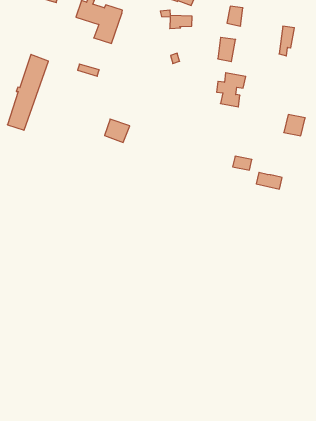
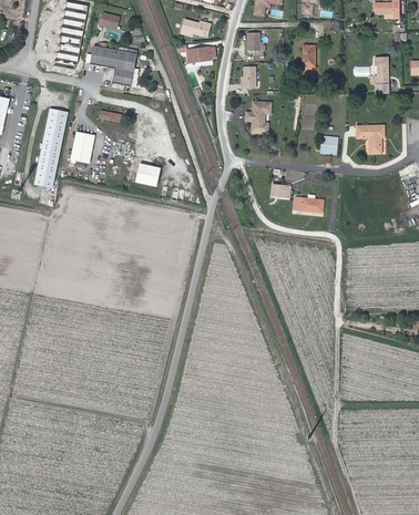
building: none -> [71,132,94,162]

